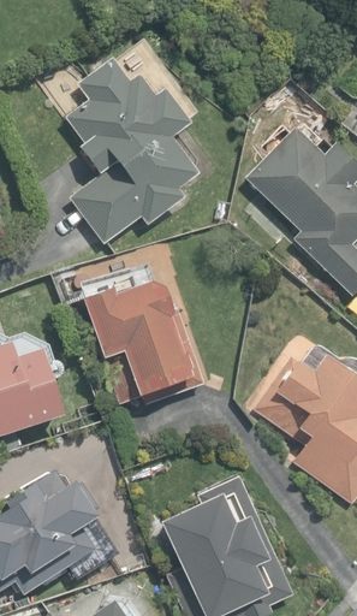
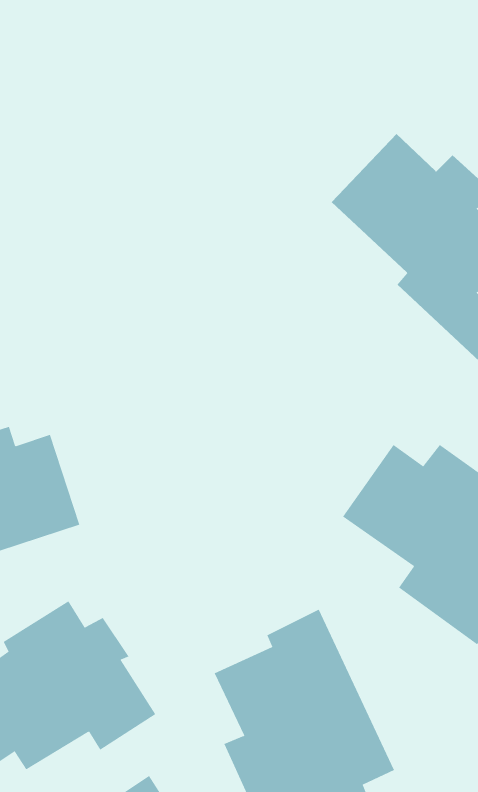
building: [65,57,198,244] -> none
building: [84,283,203,403] -> none

